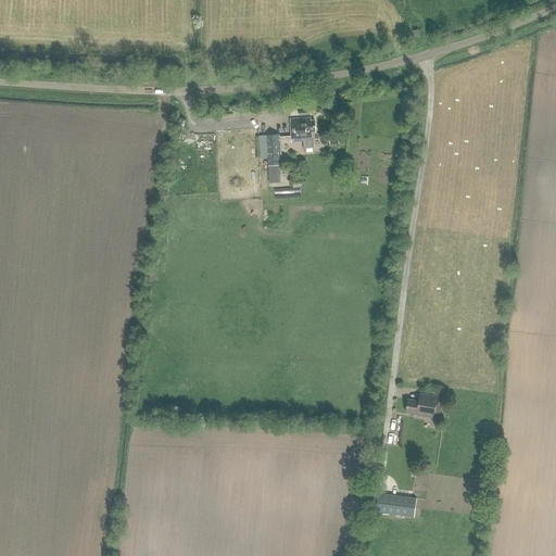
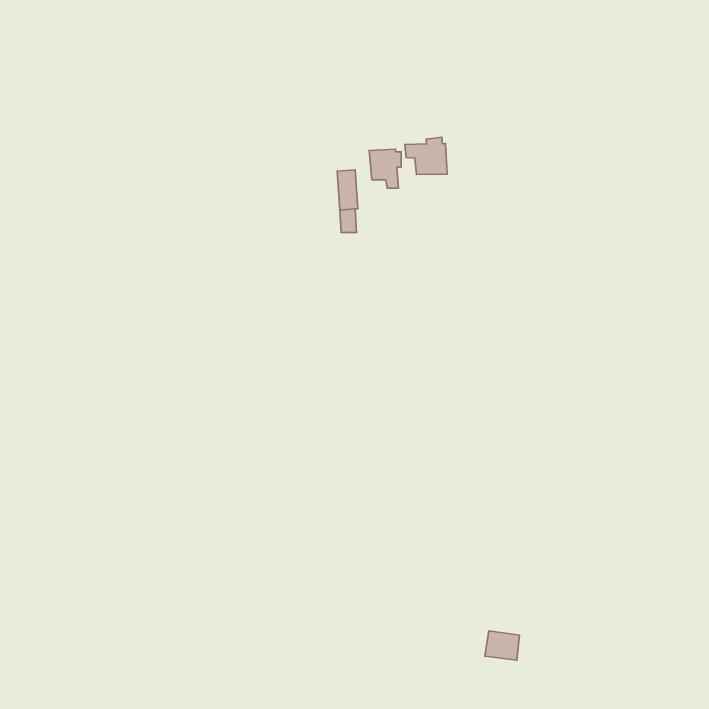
building: none -> [405,137,447,174]
building: [403,392,439,417] -> none

